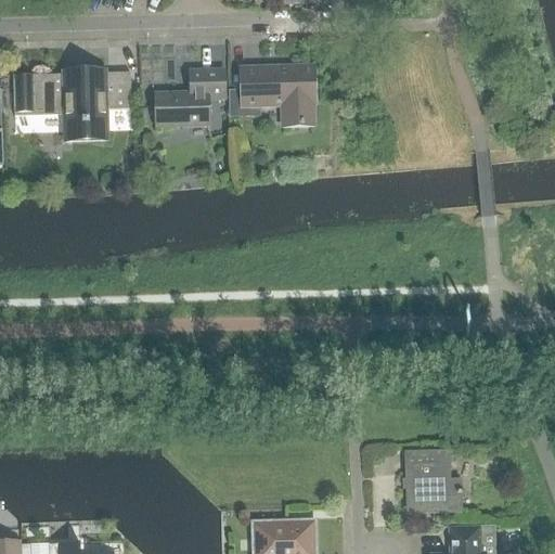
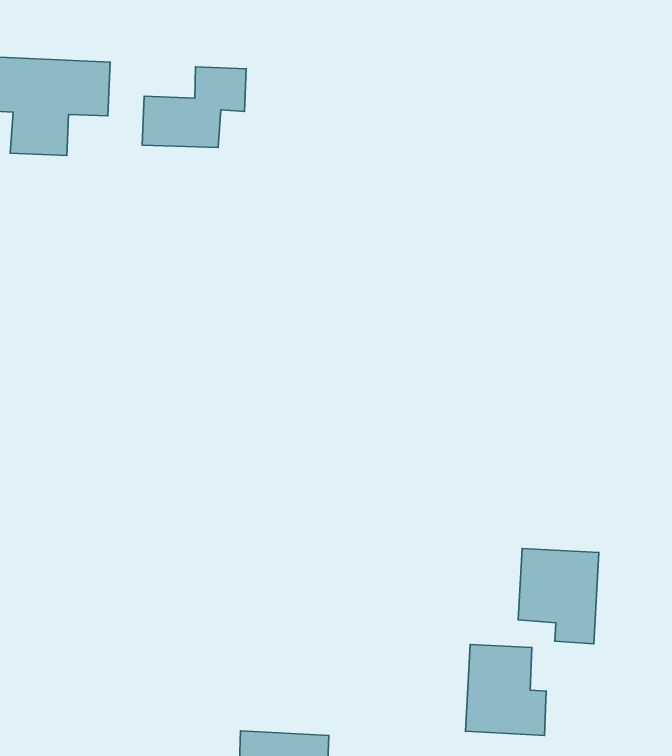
building: [229,65,313,124] -> none
building: none -> [518,549,599,644]

